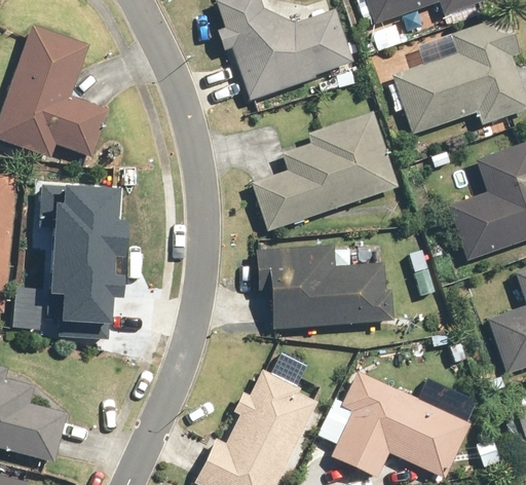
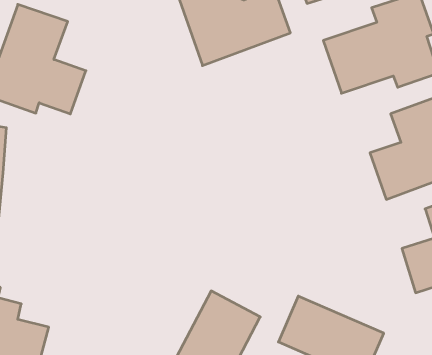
building: [252,110,398,230] -> none
building: [31,198,114,332] -> none
building: [256,245,391,330] -> none

